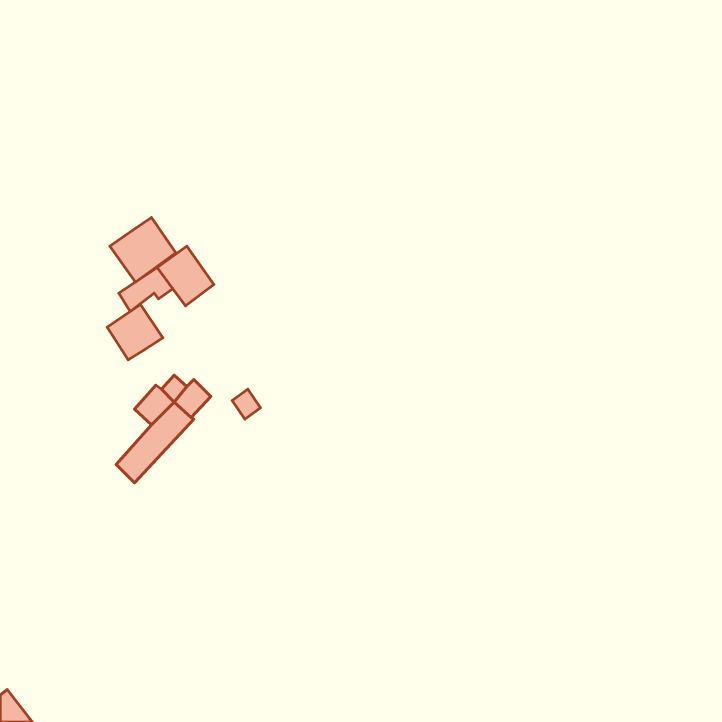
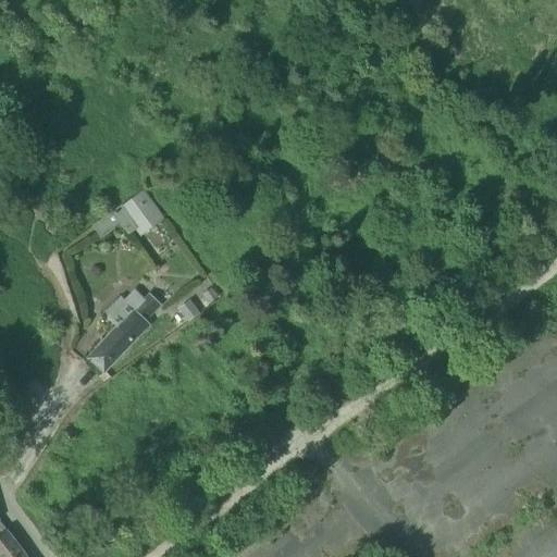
building: [110,217,176,282] -> none
building: [107,304,163,360] -> none

